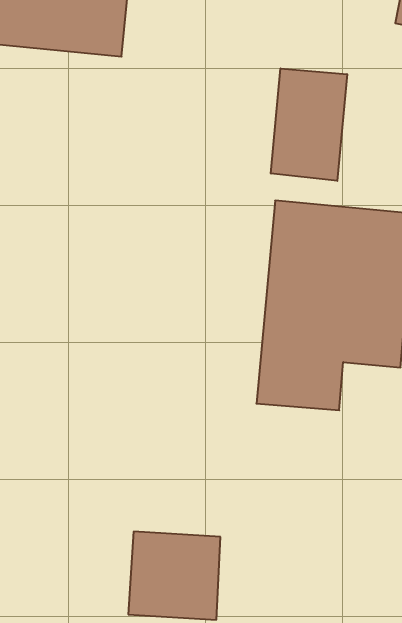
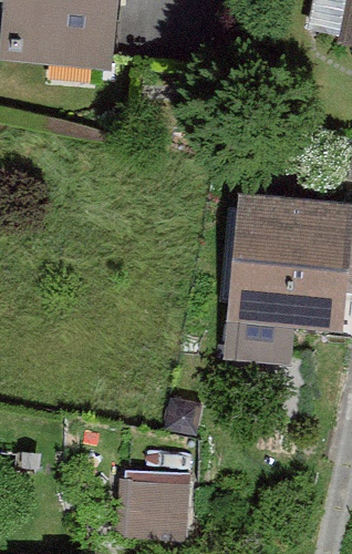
building: [271,68,347,181] -> none

